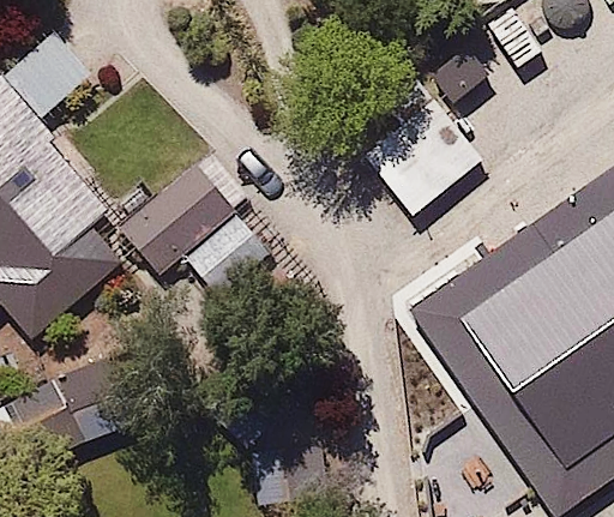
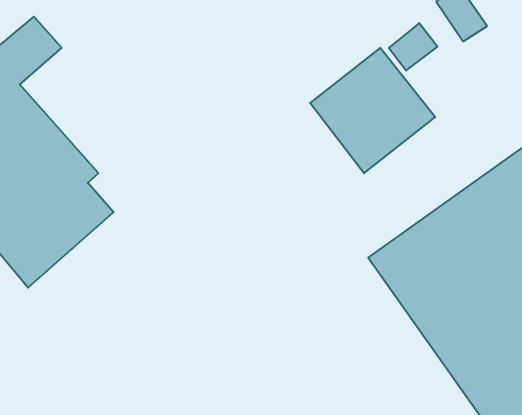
building: [120,169,264,299] -> none

